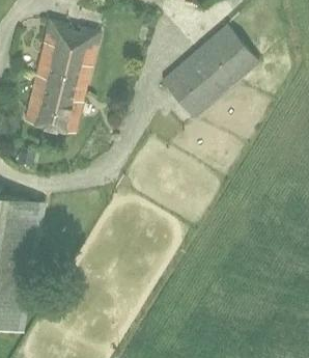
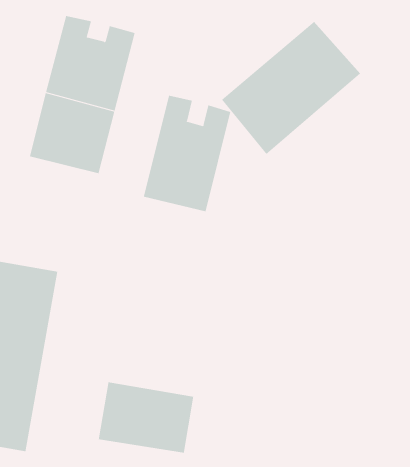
building: none -> [143,95,231,212]
building: none -> [98,382,194,453]

